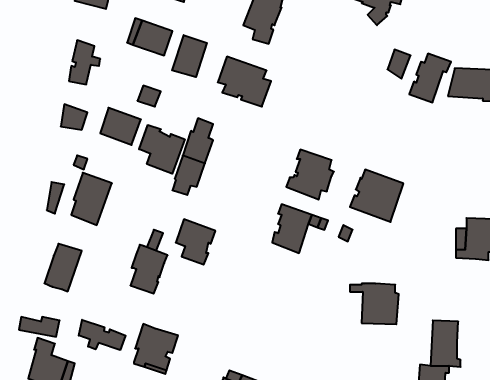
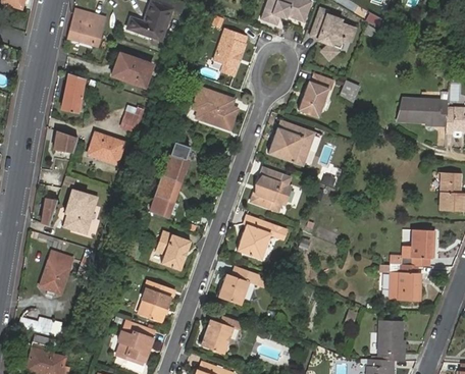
building: [172,35,207,77] -> none
building: [409,54,451,102] -> [299,75,335,118]
building: [139,125,185,174] -> none
building: [350,170,403,222] -> [269,121,316,167]
building: [130,245,168,294] -> [142,281,174,324]
building: none -> [217,266,262,305]
building: [350,284,399,324] -> [378,264,421,300]
building: none -> [202,317,244,355]
building: [79,320,126,350] -> none

